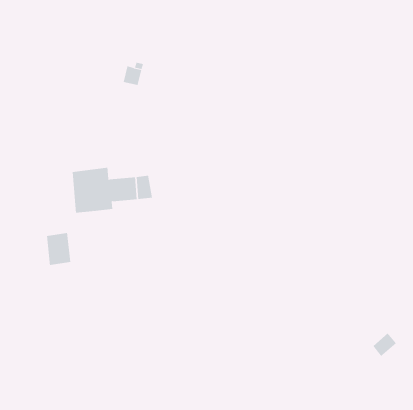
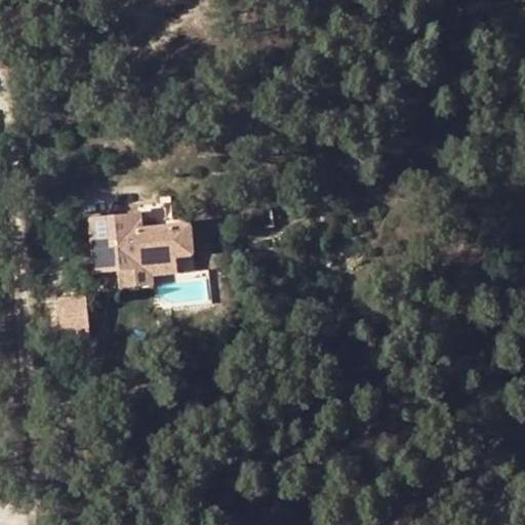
building: none -> [118,253,176,286]

